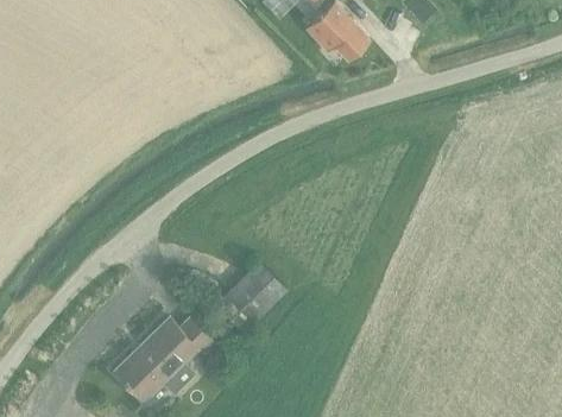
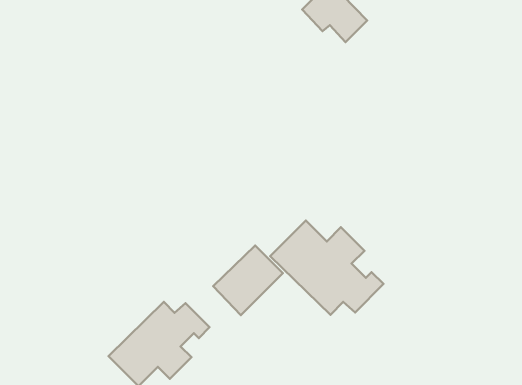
building: none -> [270,221,383,315]

